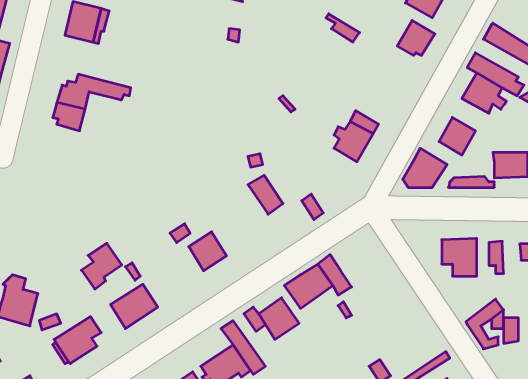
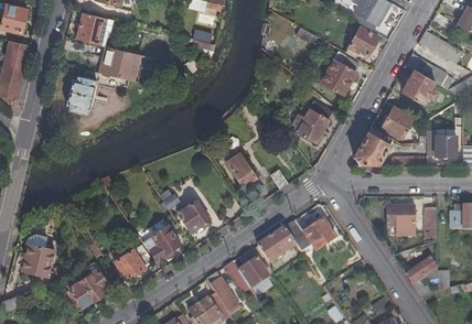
building: none -> [100,46,146,83]
building: none -> [321,52,357,95]
building: [81,243,122,289] -> [146,226,179,263]
building: none -> [302,218,335,250]

